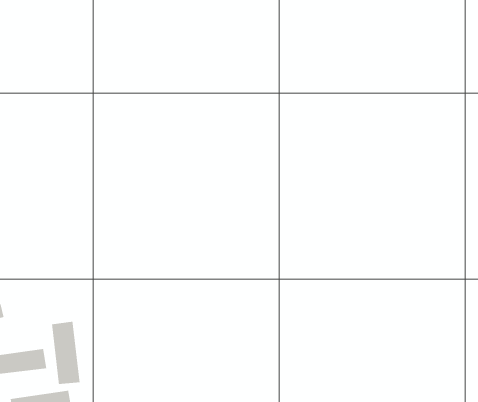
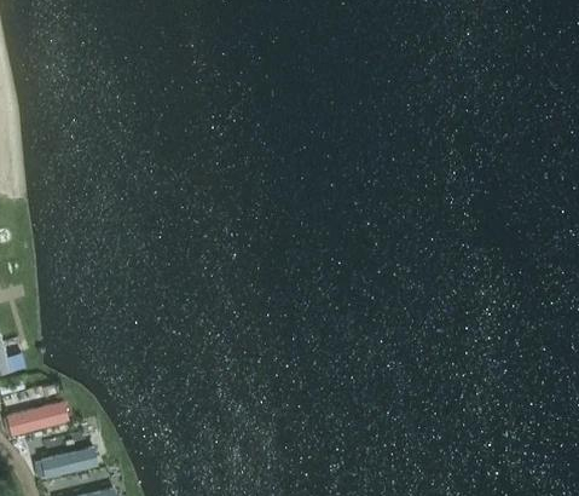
building: [51,321,80,385] -> none

